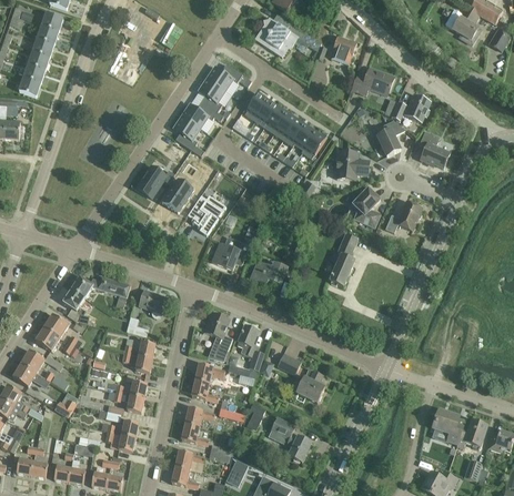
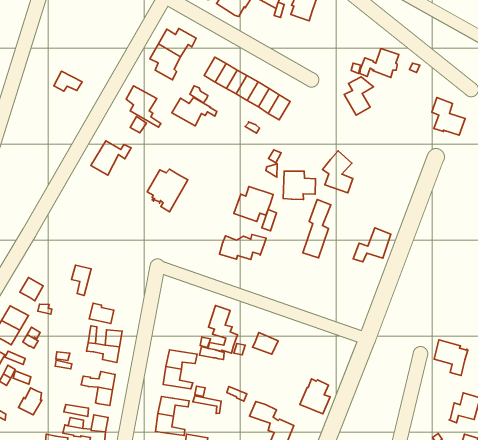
building: [351,69,394,95] -> none
building: [180,102,222,129] -> [172,97,217,126]
building: [419,131,450,168] -> [432,97,465,135]
building: [336,152,367,180] -> [283,171,315,200]
building: [161,178,193,212] -> none
building: [384,201,421,232] -> [353,228,391,262]
building: [211,236,249,270] -> [234,186,273,222]
building: [71,275,115,297] -> none
building: [139,290,167,318] -> none
building: [204,312,232,361] -> none
building: [295,368,324,402] -> [300,379,330,414]
building: [433,409,465,444] -> [434,340,468,375]

